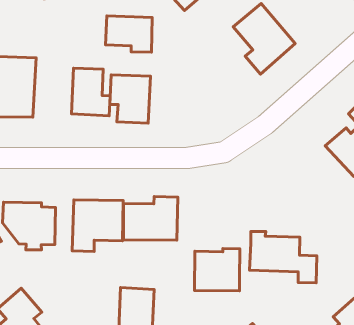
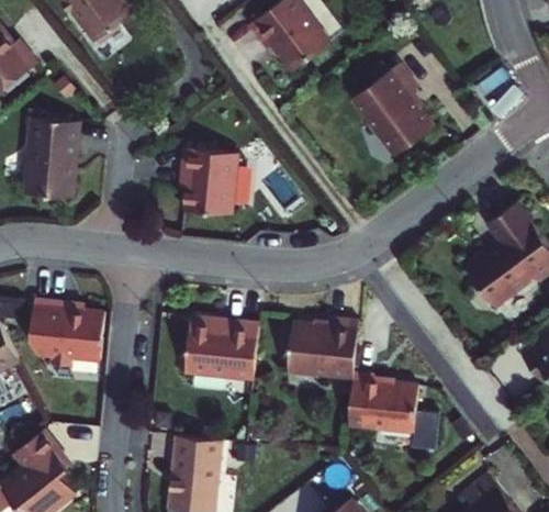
building: [106,16,152,52] -> none
building: [72,68,110,116] -> none
building: [72,200,123,251] -> none
building: [194,248,240,291] -> [294,329,359,387]

